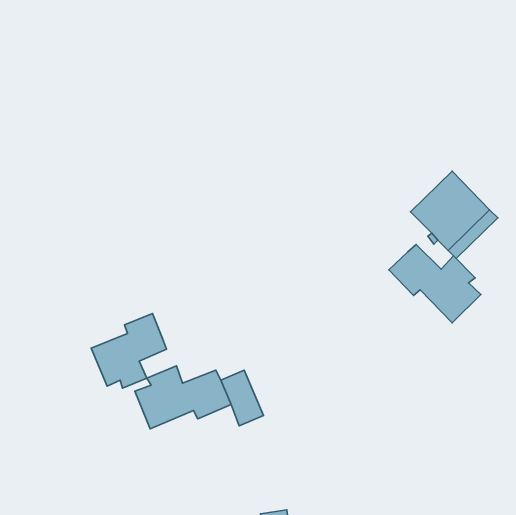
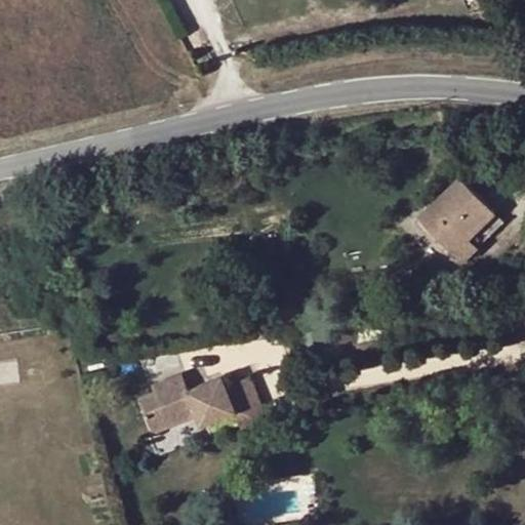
building: [389,244,481,323] -> none
building: [91,314,166,388] -> none

